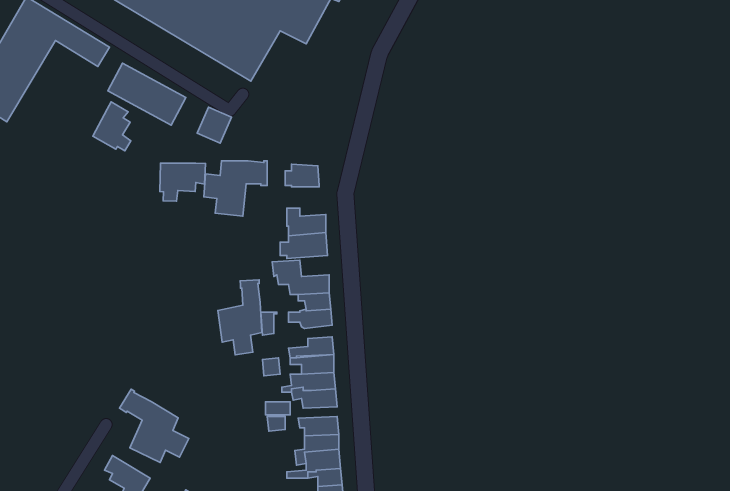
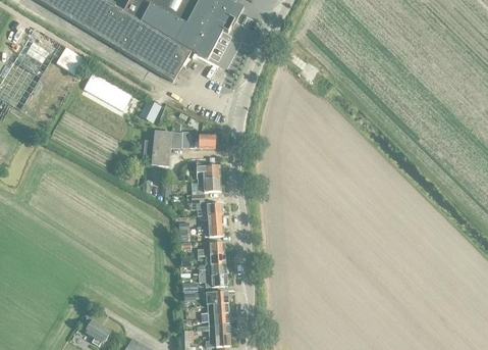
building: [93,102,131,151] -> none
building: [160,163,205,201] -> none
building: [218,280,262,355] -> none
building: [120,389,189,463] -> none

